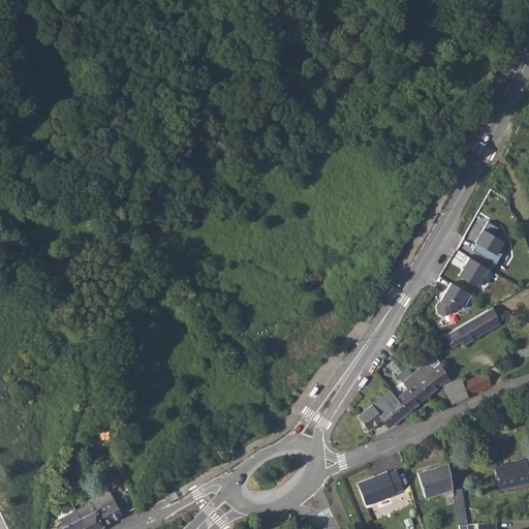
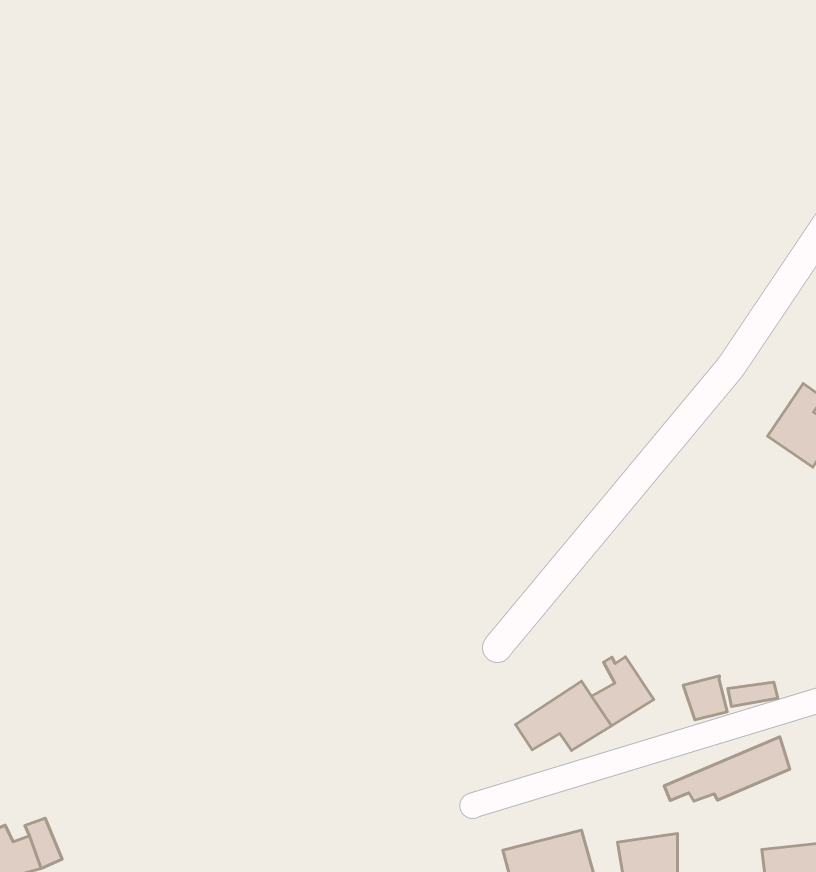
building: [459,255,490,285] -> none
building: [441,284,470,316] -> none
building: [435,307,500,347] -> [664,737,790,801]
building: [411,362,449,395] -> none

